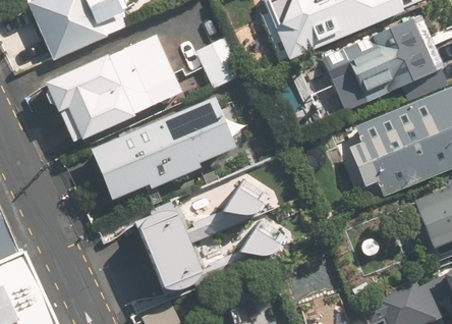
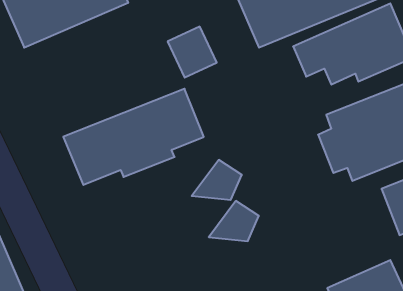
building: [44,38,181,146] -> none
building: [131,205,208,291] -> none

